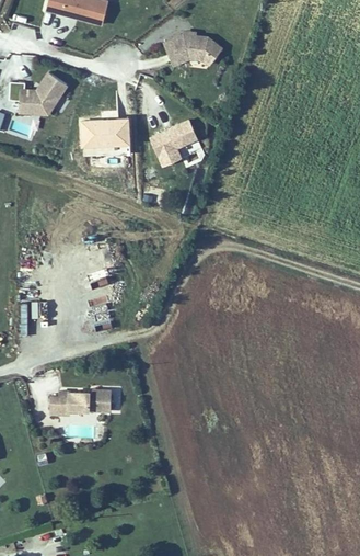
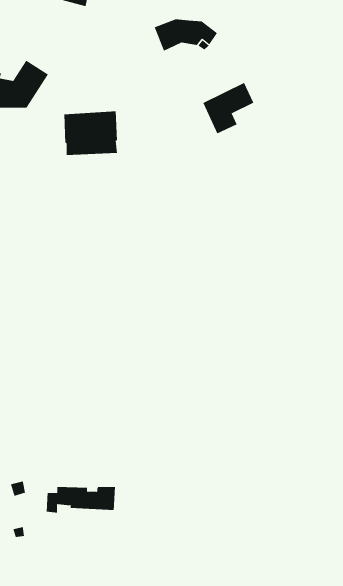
building: [150,118,197,166] -> [202,82,254,134]
building: [49,390,113,415] -> [46,486,116,513]

